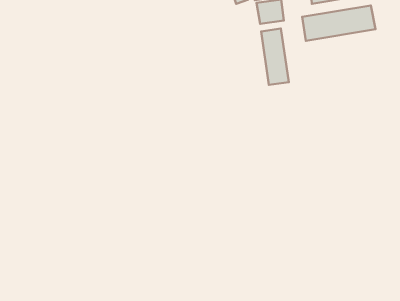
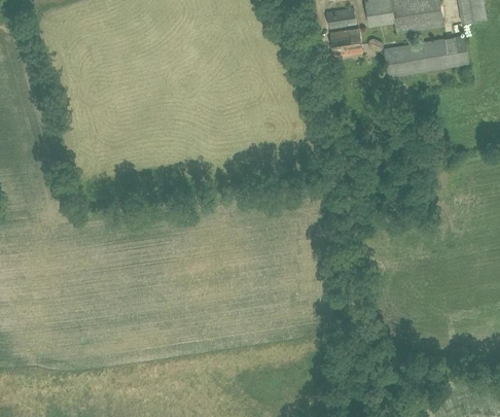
building: [261,29,289,85] -> none

